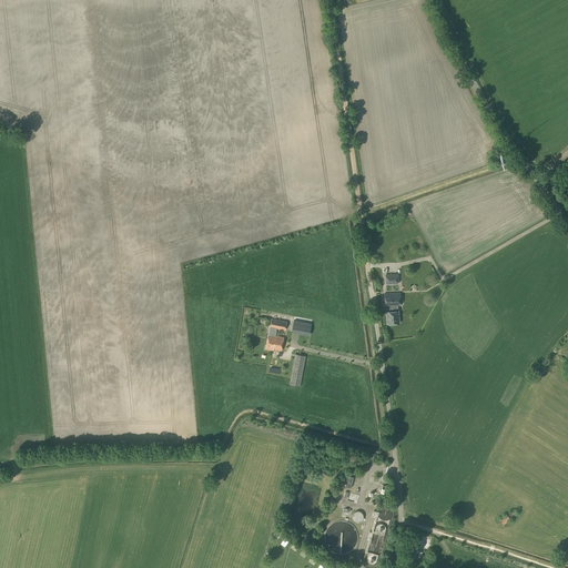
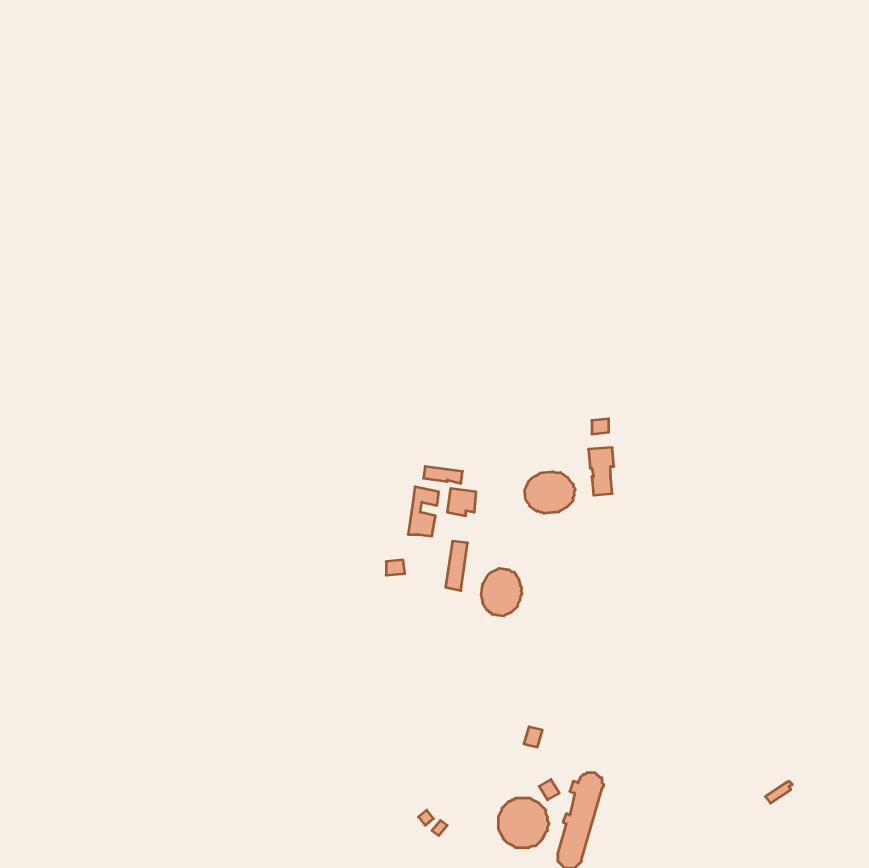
building: none -> [525,472,575,513]
building: none -> [481,568,522,616]

